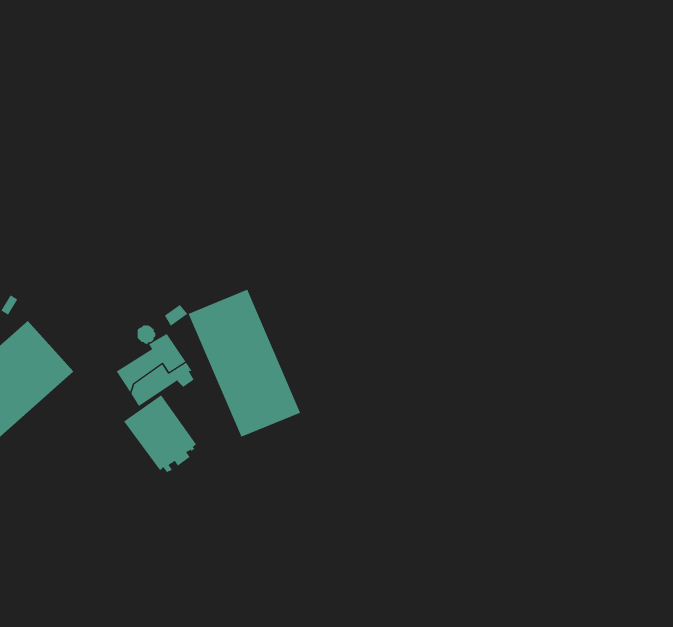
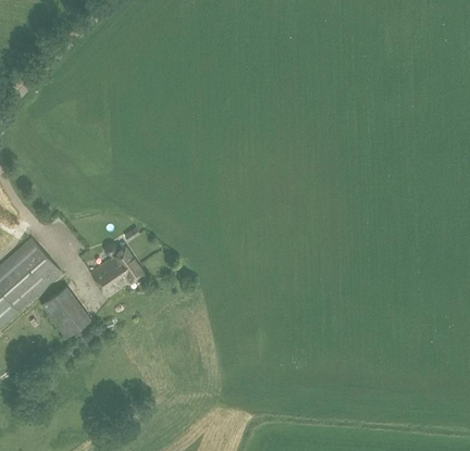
building: [188,289,301,438] -> none
building: [123,394,197,473] -> [40,285,90,338]

